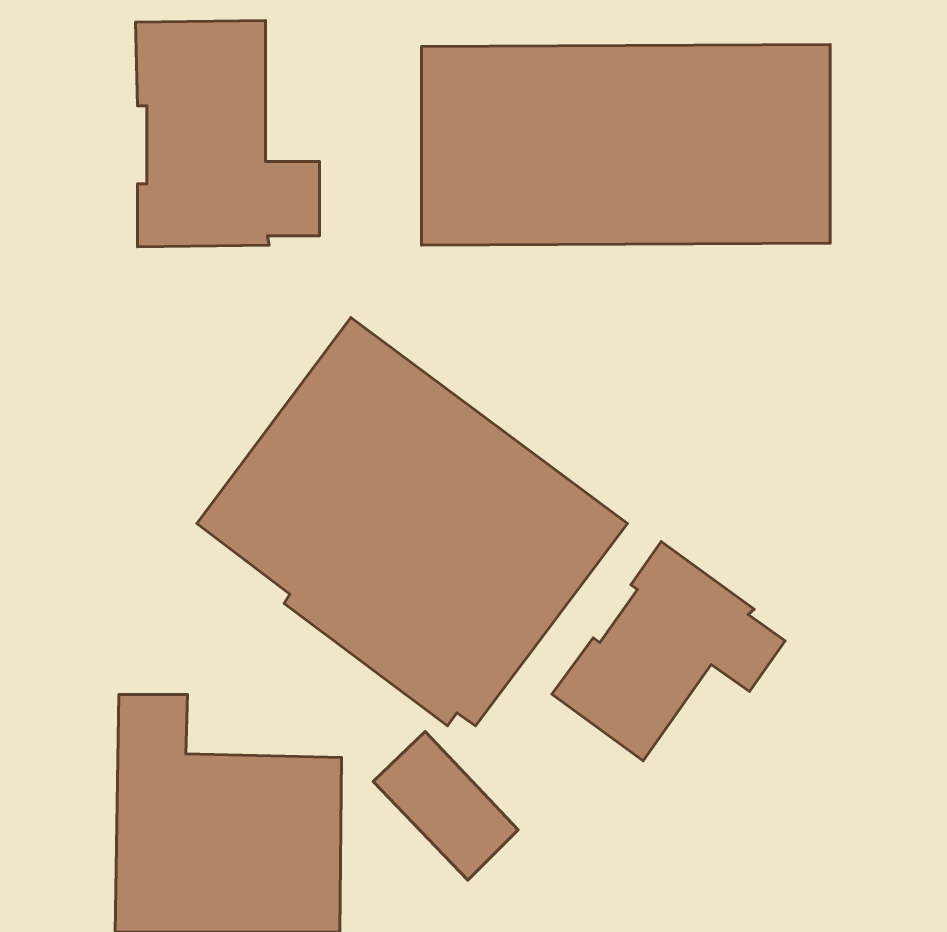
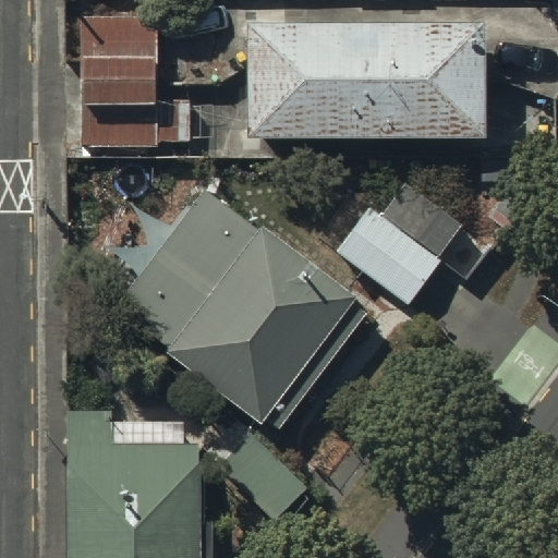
building: none -> [336,179,488,302]
building: [552,542,785,761] -> none

